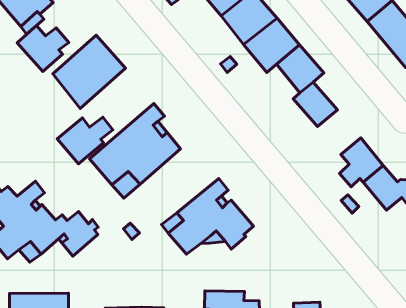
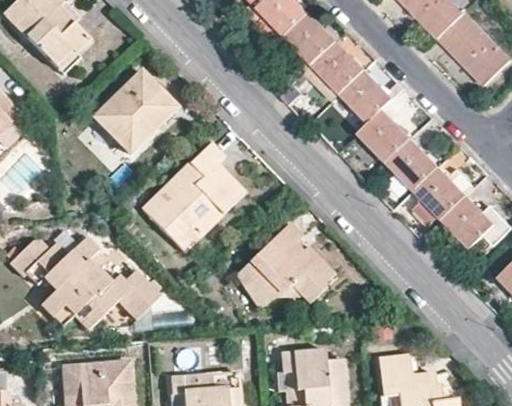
building: [17,25,69,71] -> none
building: none -> [392,138,441,187]
building: [57,117,113,164] -> none

